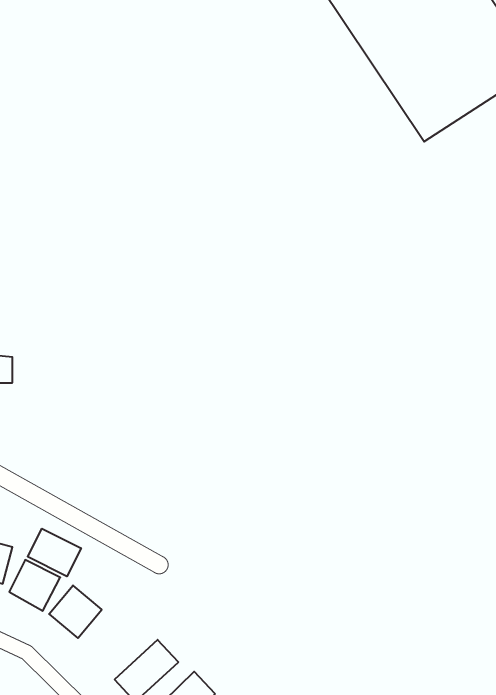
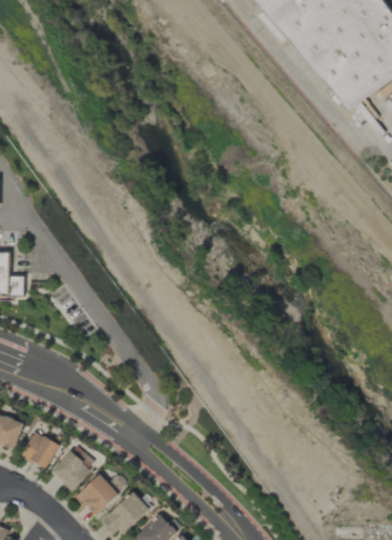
building: [28,529,81,576] -> none
building: none -> [75,472,119,516]

